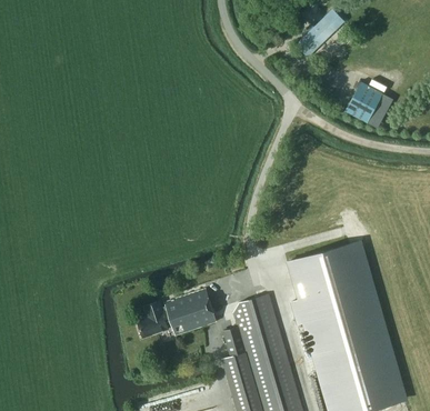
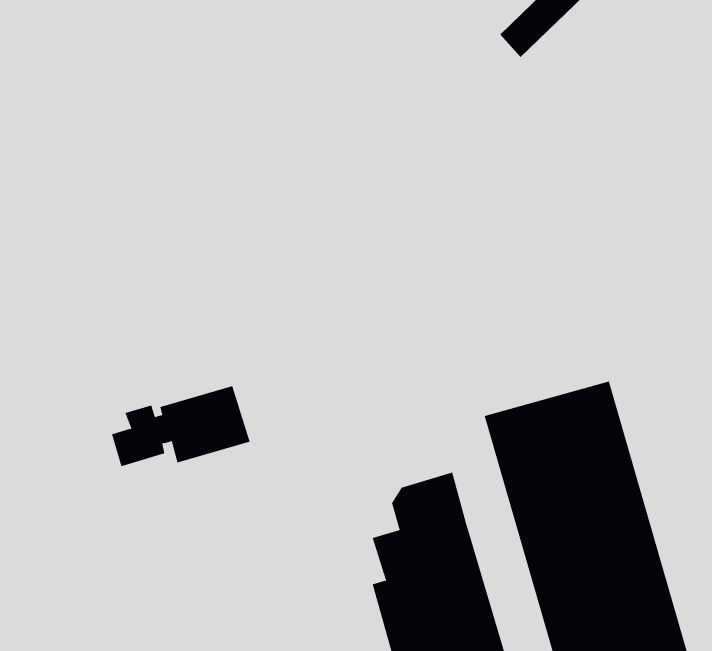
building: [346,80,394,127] -> none
building: [137,290,217,337] -> [111,386,250,467]

